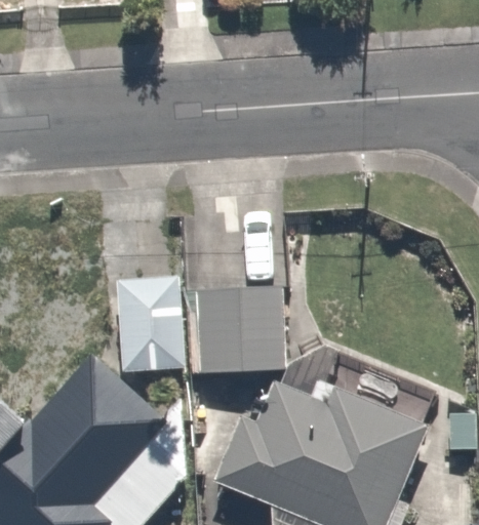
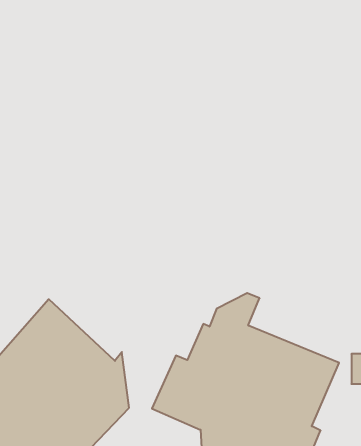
building: [116,275,185,371] -> none
building: [185,286,285,374] -> none

